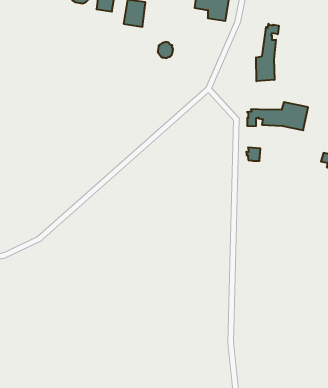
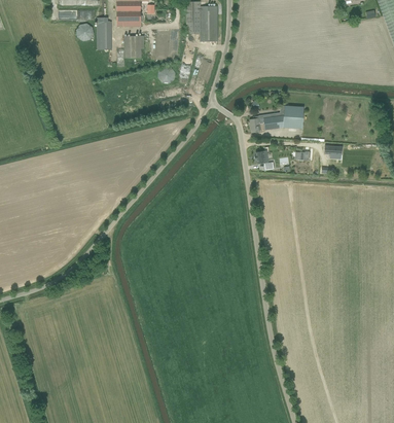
building: [256,24,279,81] -> none

